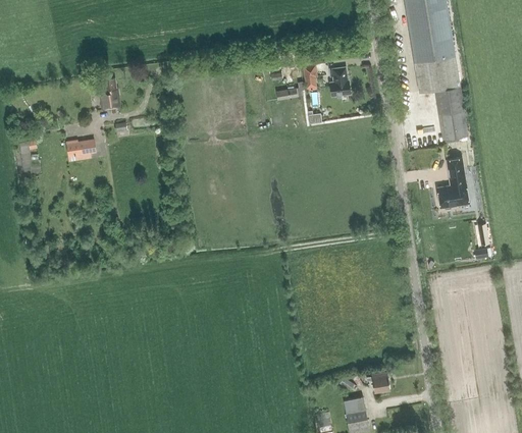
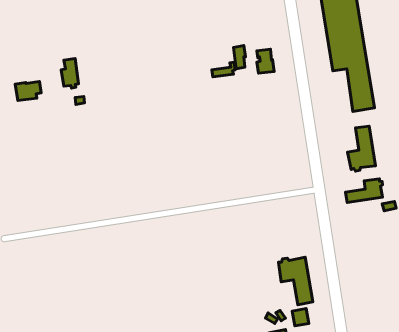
building: [65,139,96,161] -> [15,82,41,101]
building: none -> [345,179,383,203]
building: none -> [278,257,313,305]

